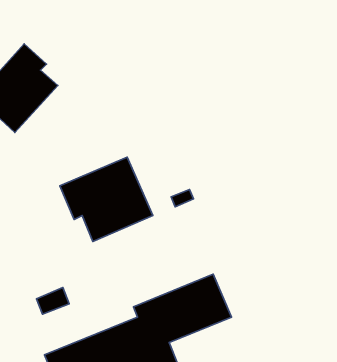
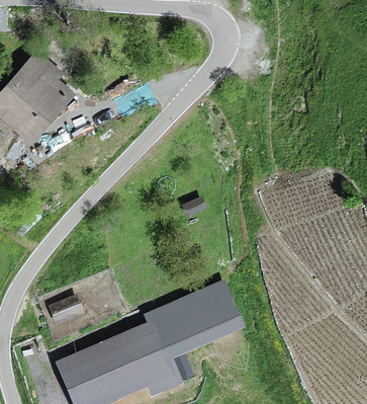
building: [60,157,153,241] -> none

